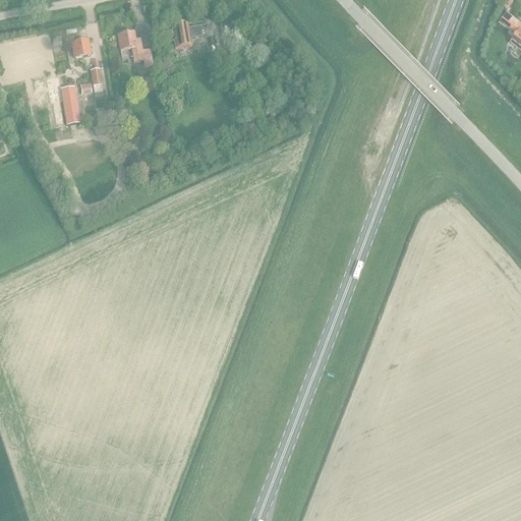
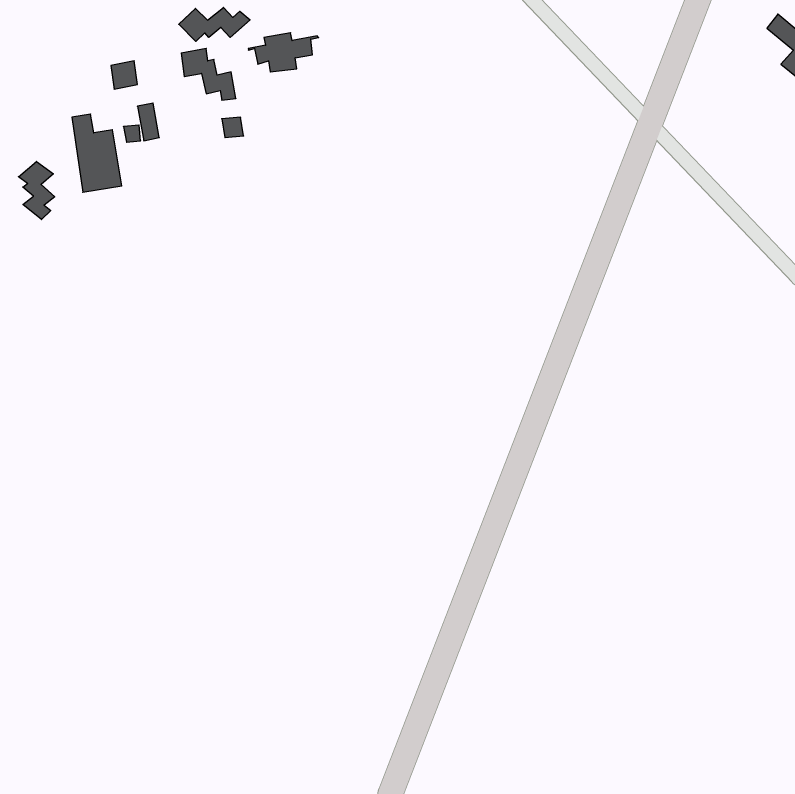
building: none -> [179,7,250,41]
building: none -> [18,161,55,220]

